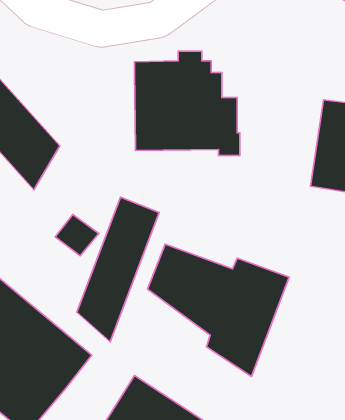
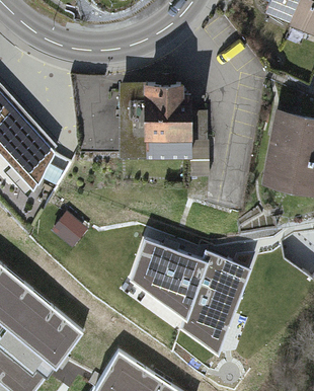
building: [77,197,159,342] -> none

